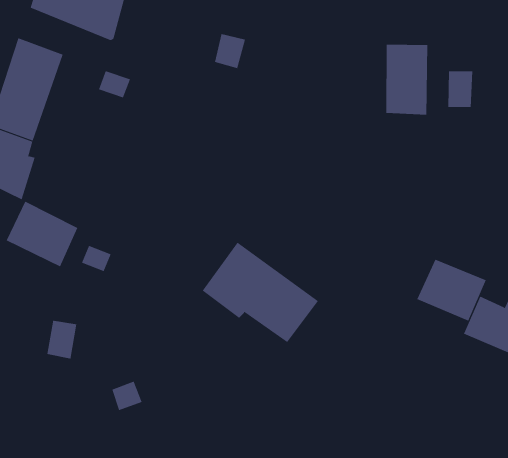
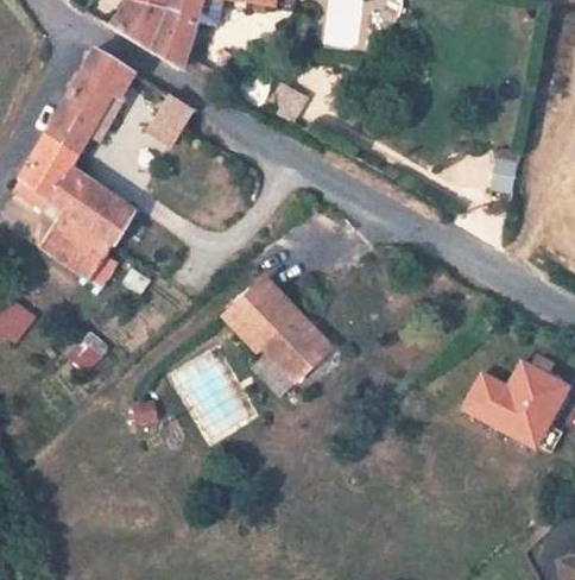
building: [386,44,428,116] -> none
building: none -> [68,172,139,248]
building: [417,259,486,322] -> none

